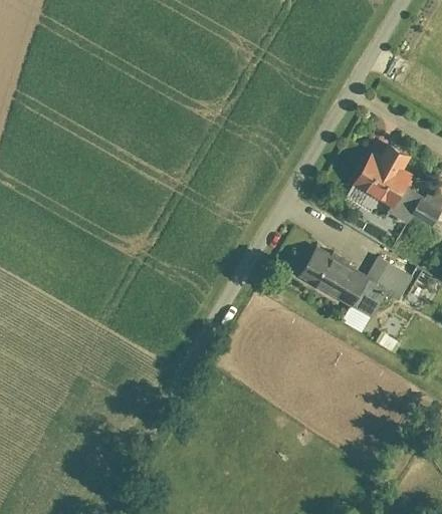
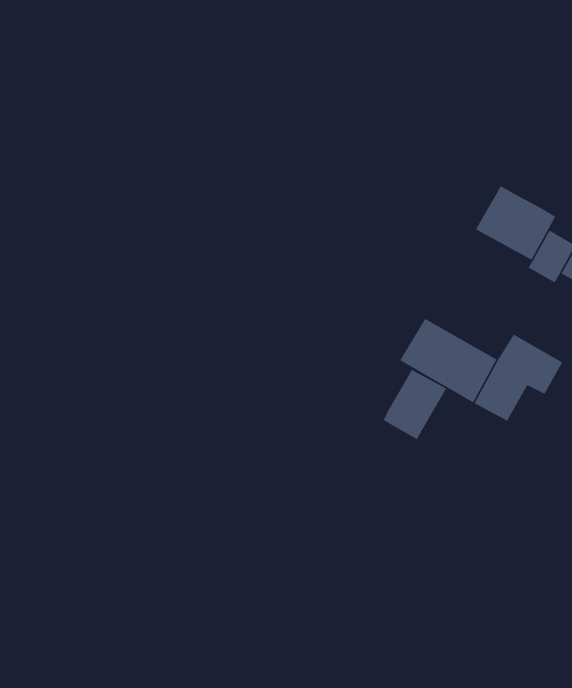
building: [376,142,409,171] -> none
building: none -> [382,369,447,440]

